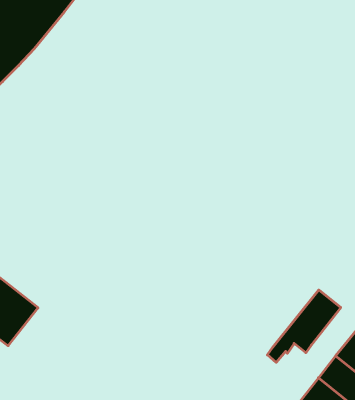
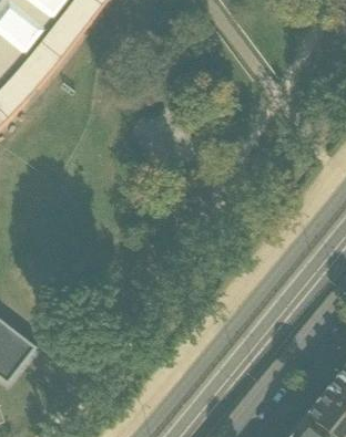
building: [267,290,341,362] -> none

